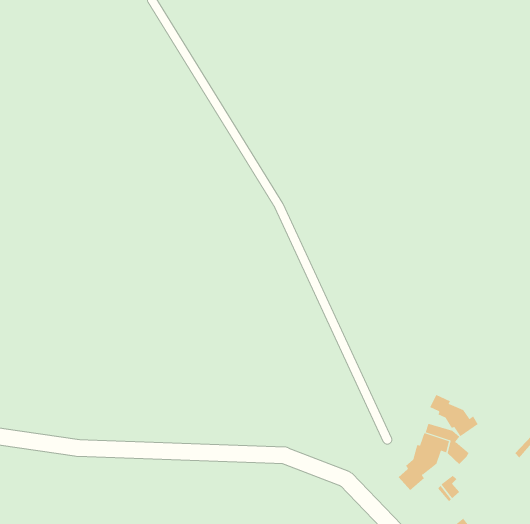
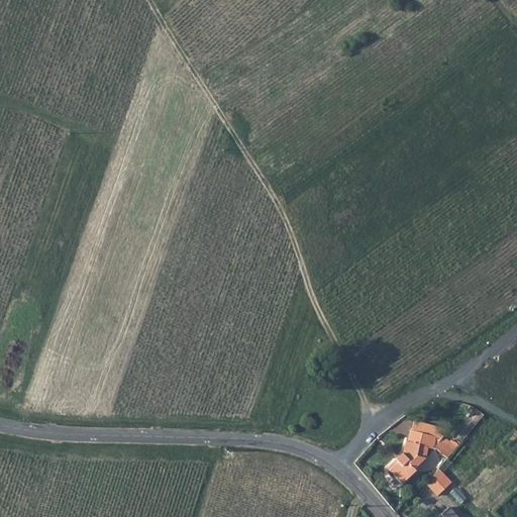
building: [430,394,479,437] -> none

